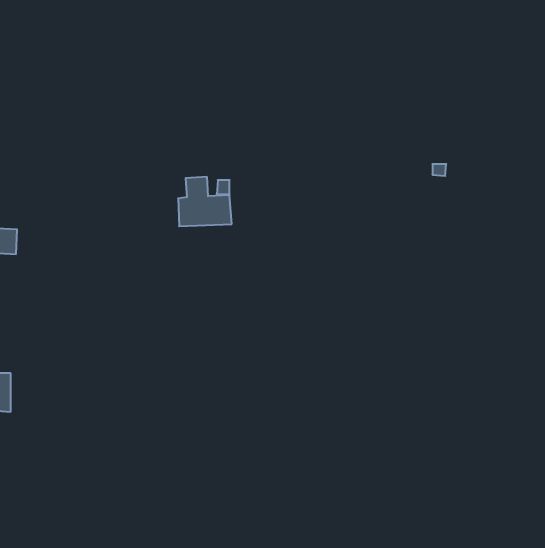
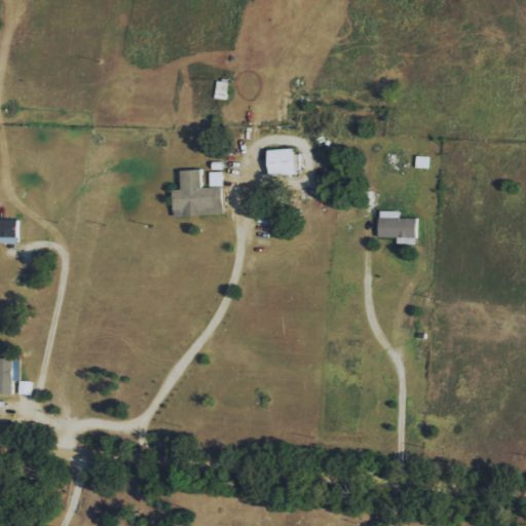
building: none -> [267,149,295,176]
building: none -> [376,211,415,238]

